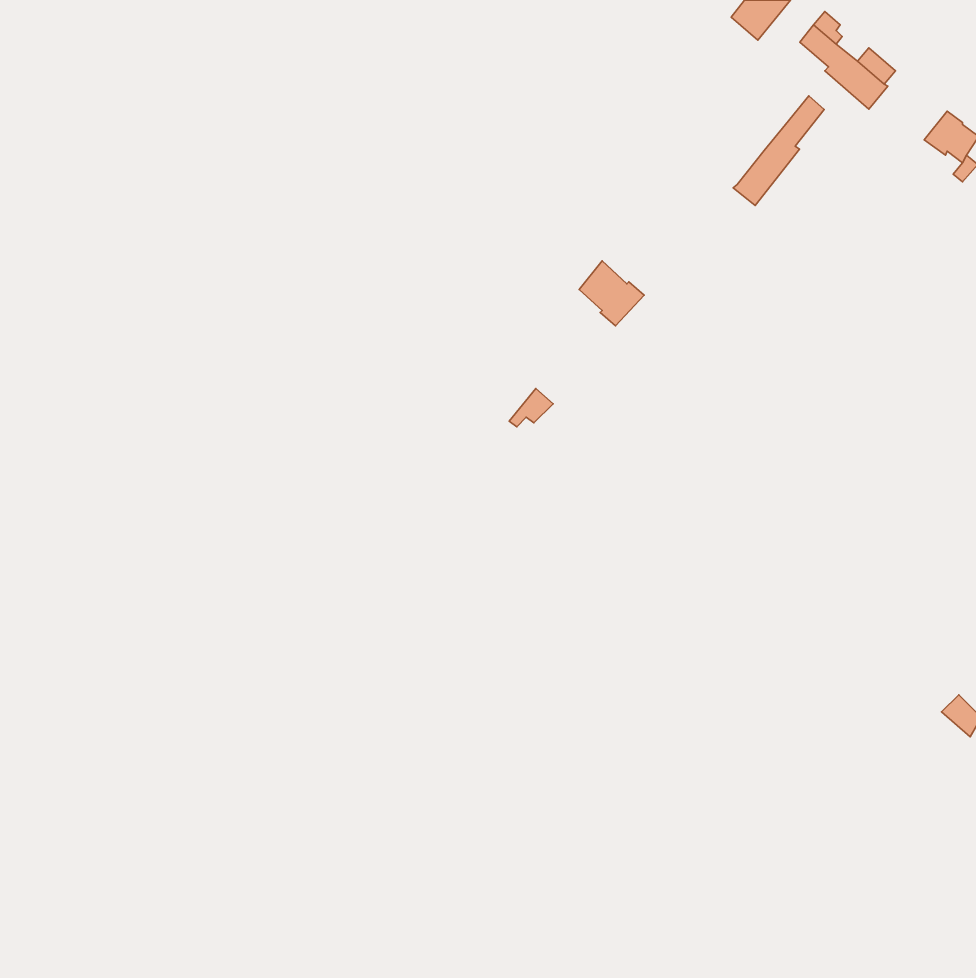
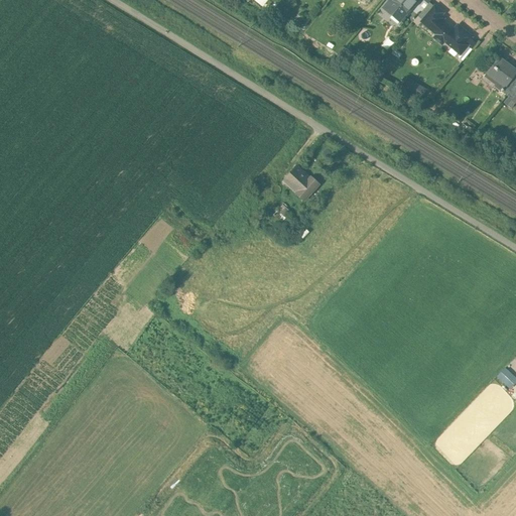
building: [733,96,824,206] -> none
building: [579,261,644,326] -> [285,166,319,201]

